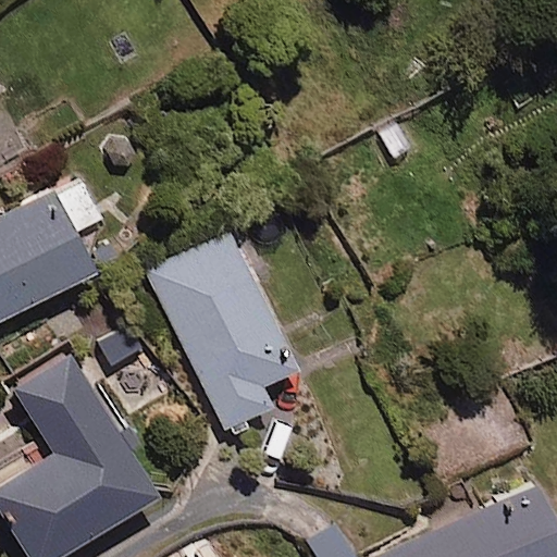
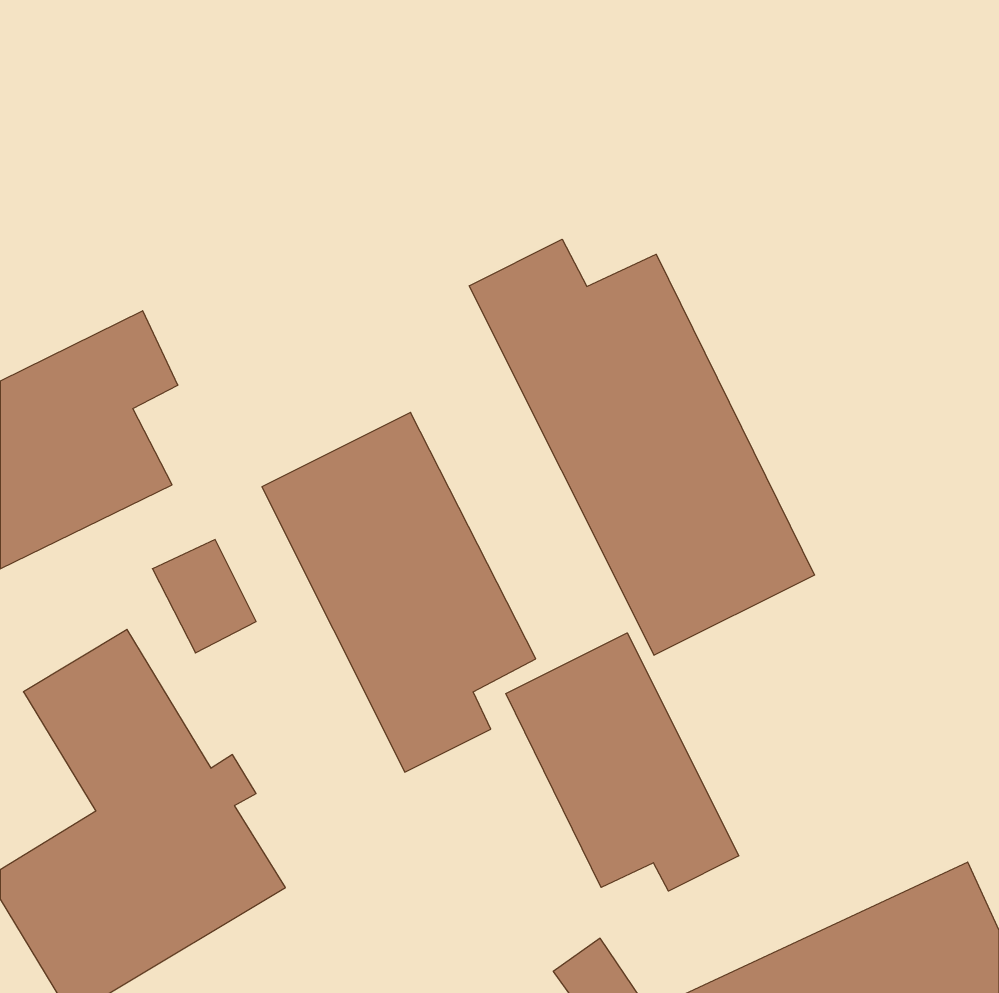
building: none -> [469,239,814,655]
building: none -> [506,633,739,891]

